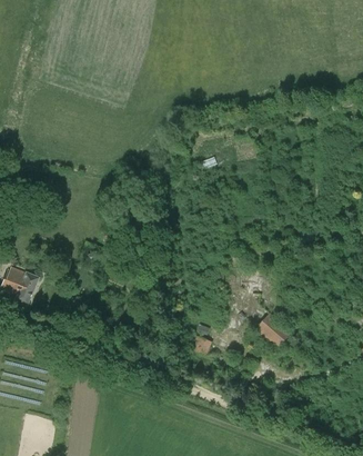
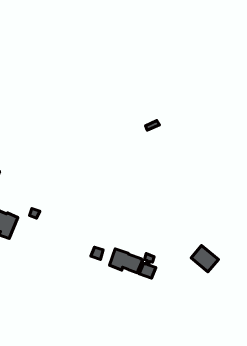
building: none -> [110,249,143,273]

